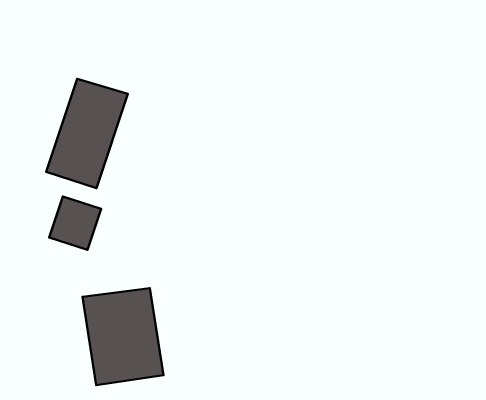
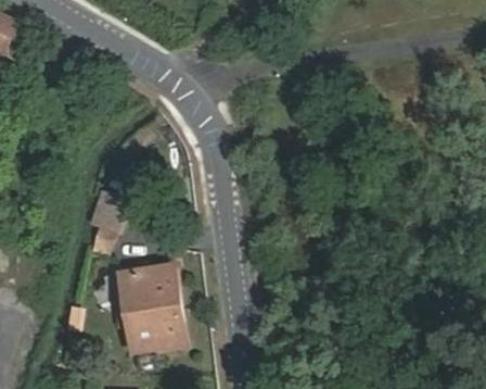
building: [46,79,128,188] -> none

